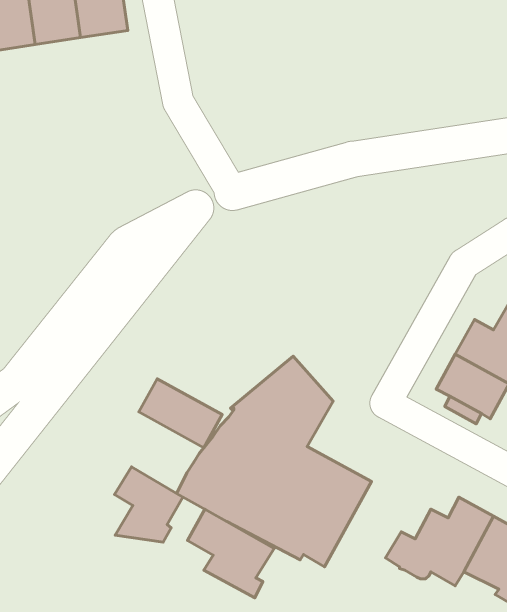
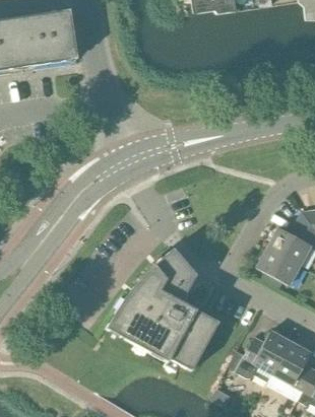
building: [139,379,222,448] -> none
building: [115,467,183,542] -> none
building: [188,509,274,598] -> none

